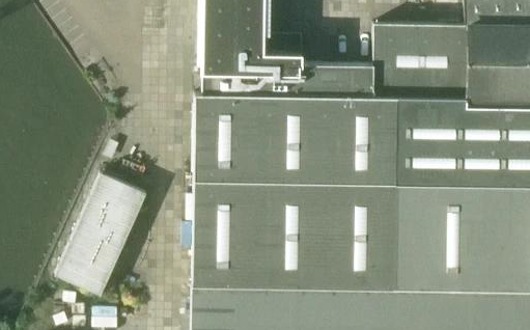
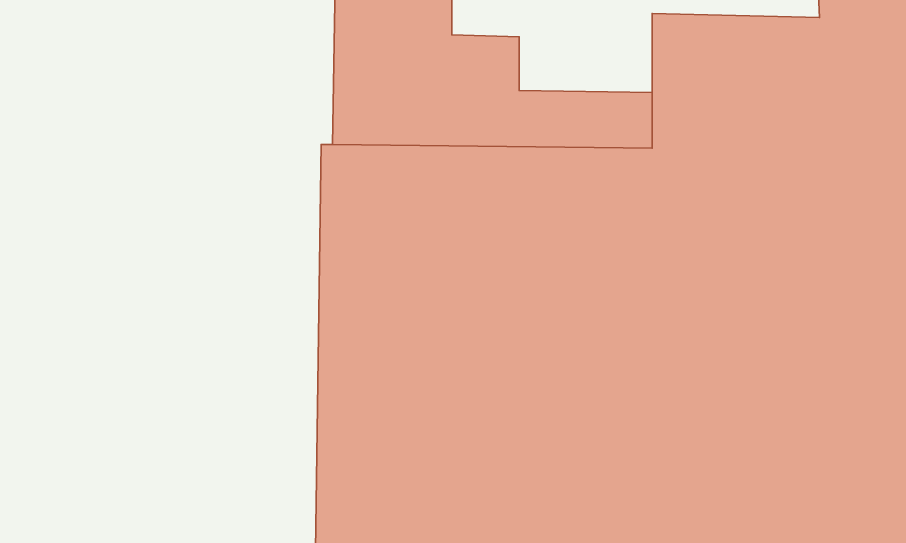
building: [56,173,146,296] -> none

